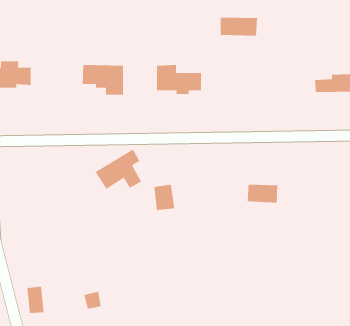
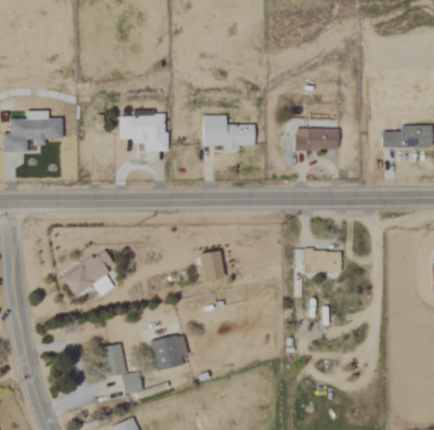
building: [220,17,258,36] -> [296,128,338,150]
building: [95,148,142,190] -> [61,249,115,296]
building: none -> [151,334,187,370]
building: [26,286,44,314] -> [105,344,125,375]

